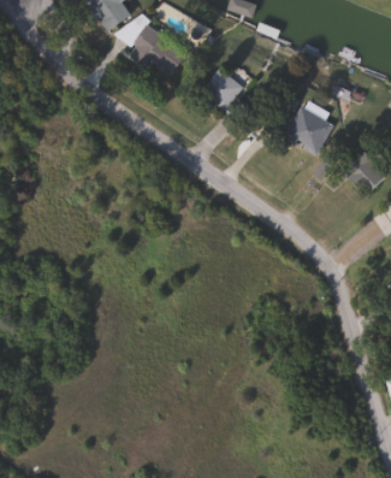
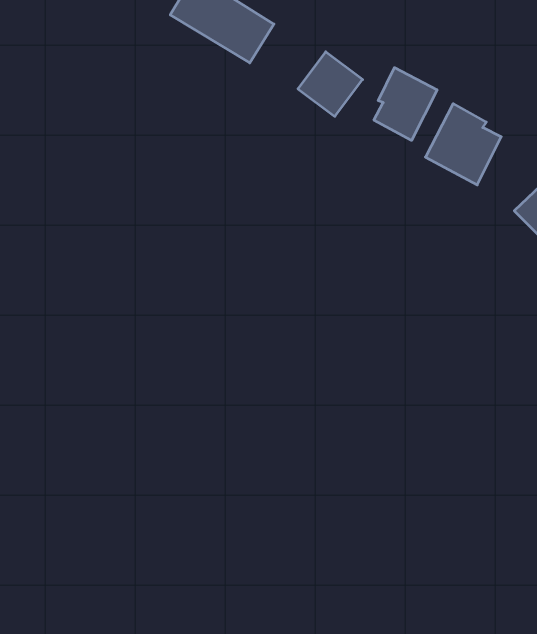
building: none -> [374,68,437,140]

